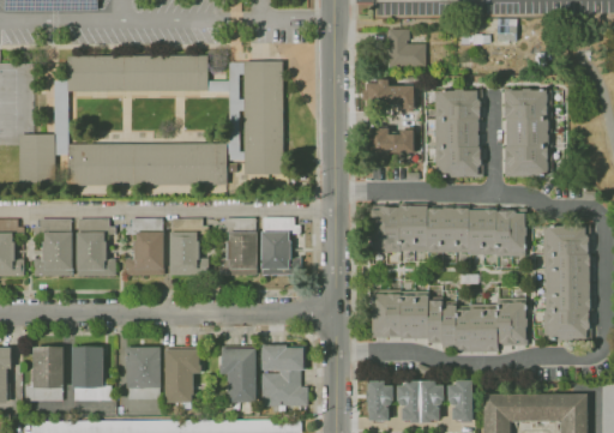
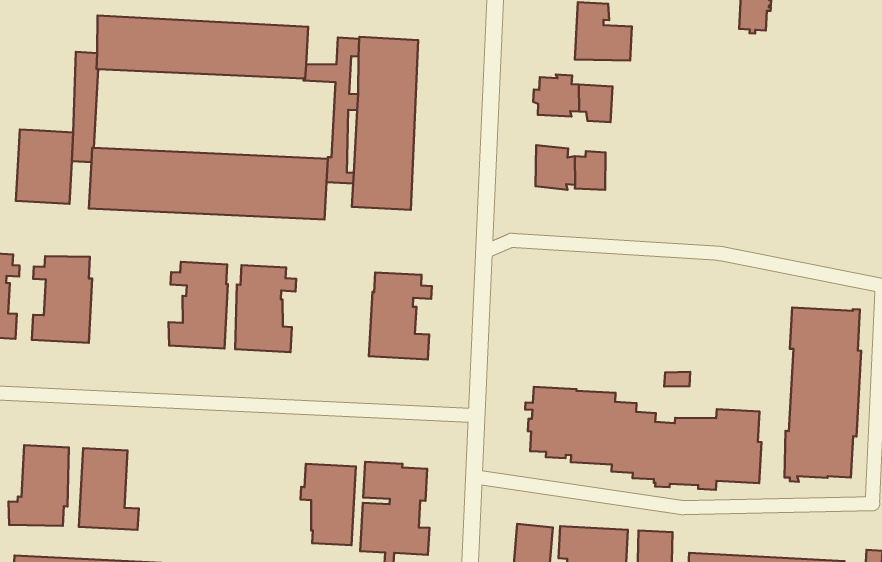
building: [505,89,550,176] -> none
building: [433,90,481,178] -> none
building: [368,204,525,257] -> none
building: [76,218,115,276] -> none
building: [217,218,257,275] -> none
building: [126,347,159,399] -> none
building: [164,349,200,403] -> none

